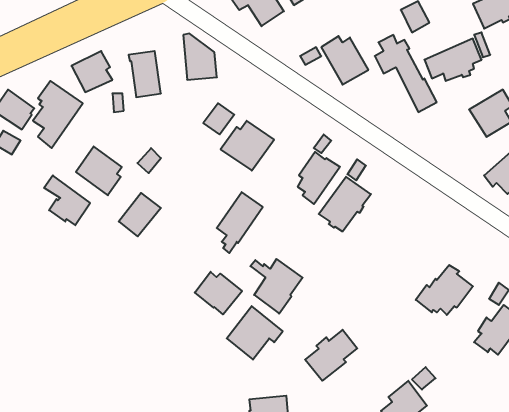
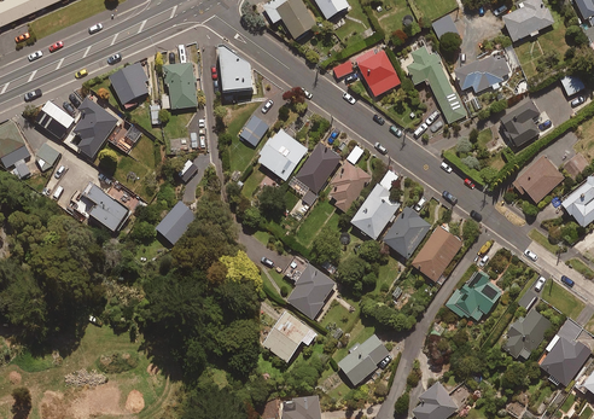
building: [76,146,122,195] -> none
building: [217,192,263,253] -> [296,142,340,202]
building: none -> [384,208,432,258]
building: none -> [413,227,462,281]
building: [195,272,242,314] -> none

